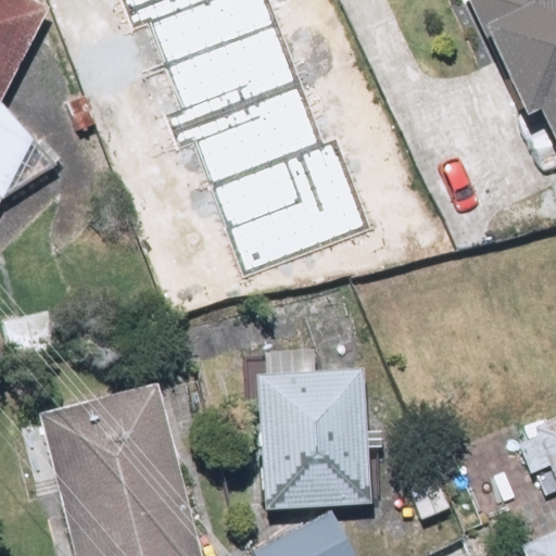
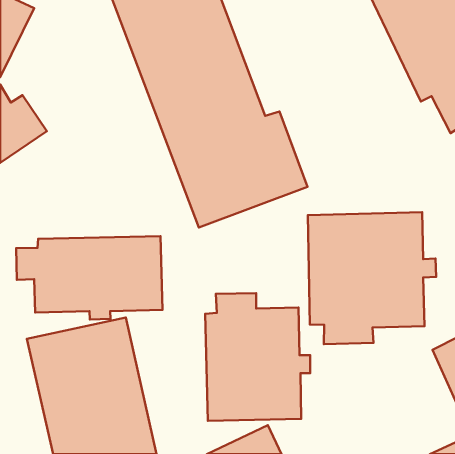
building: none -> [308,212,436,344]
building: none -> [16,236,163,320]

